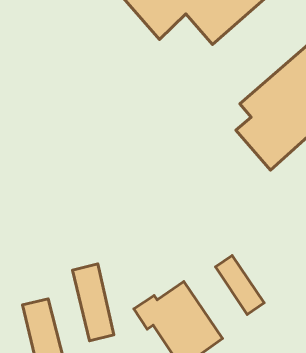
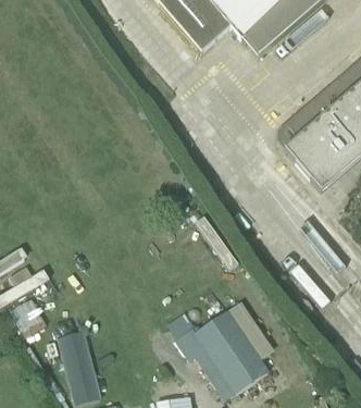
building: [216,256,264,315] -> none
building: [73,264,114,341] -> none

